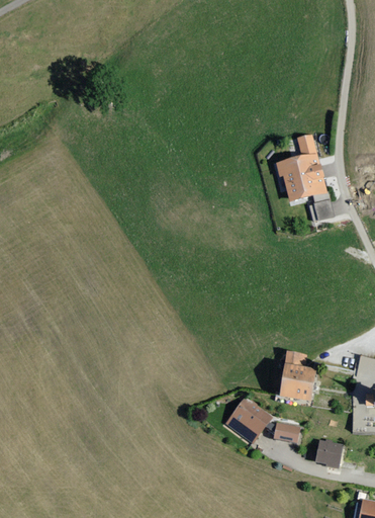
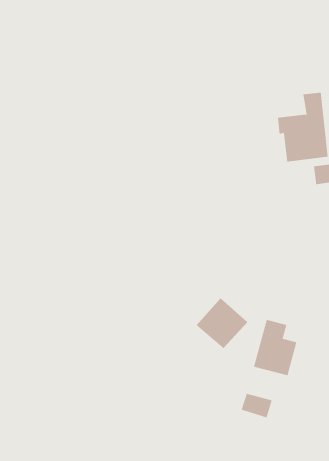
building: [224,395,273,442] -> [196,297,248,349]
building: [314,440,342,467] -> none

